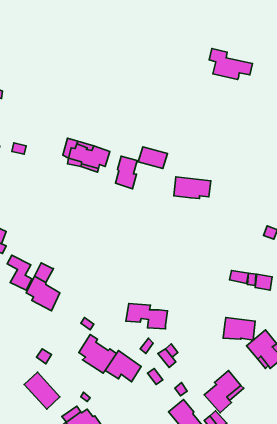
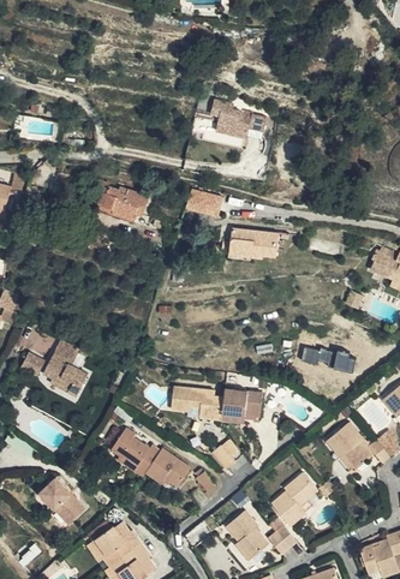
building: [209,48,253,80] -> [210,100,265,139]
building: [116,156,137,189] -> none
building: [223,318,255,340] -> [221,389,262,418]

